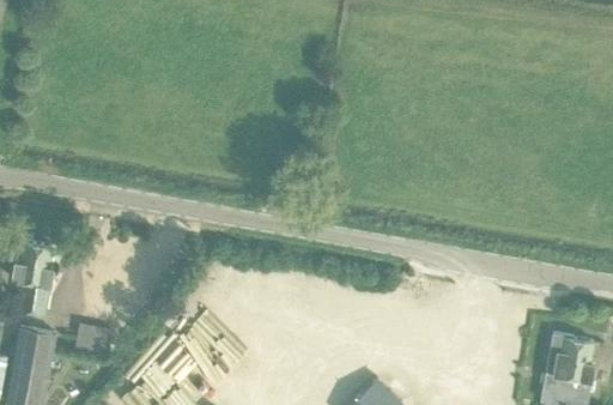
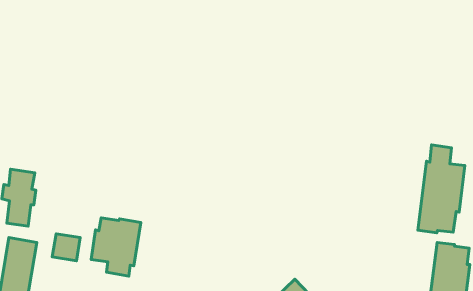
building: none -> [418,145,465,233]
building: none -> [91,218,141,276]

